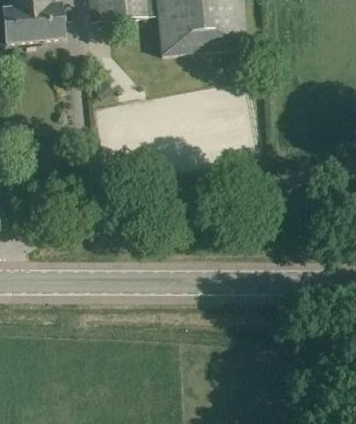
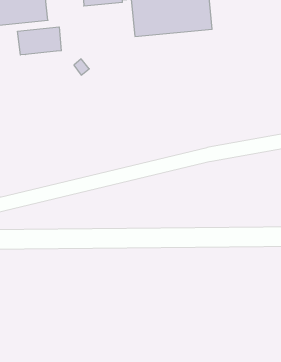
building: none -> [18,27,61,55]

